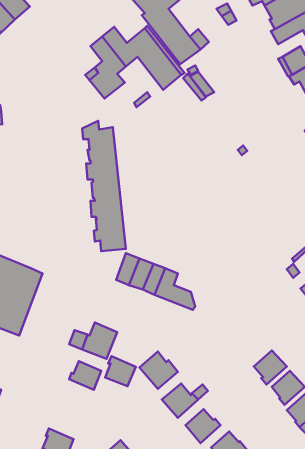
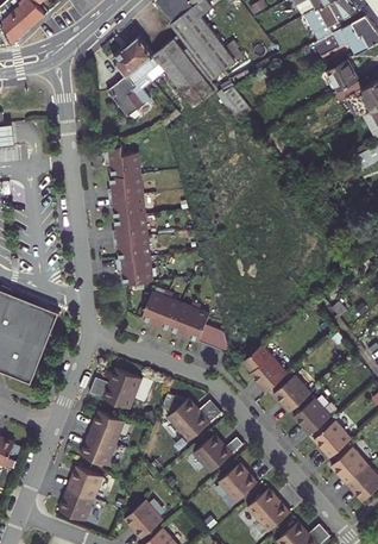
building: none -> [251,356,288,394]
building: none -> [275,376,311,414]
building: [105,356,136,386] -> [82,431,116,464]
building: none -> [67,465,103,498]

